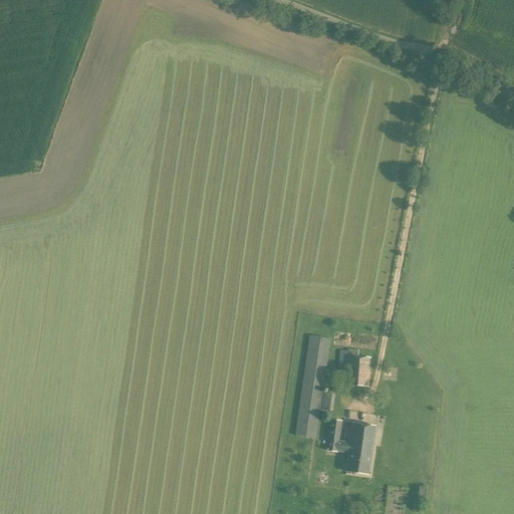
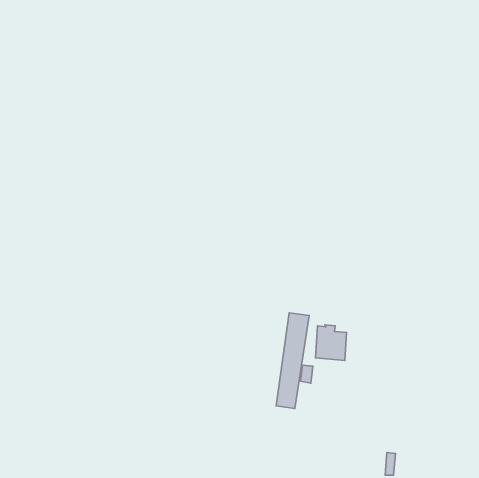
building: [327,419,376,473] -> none

